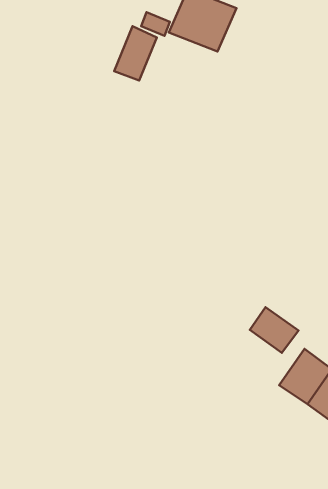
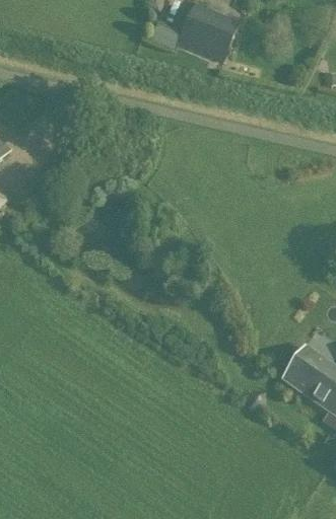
building: [114,26,157,81] -> none
building: [250,307,298,353] -> none

